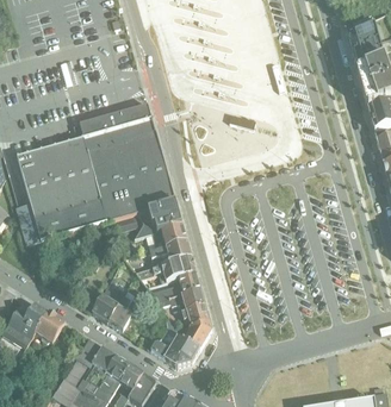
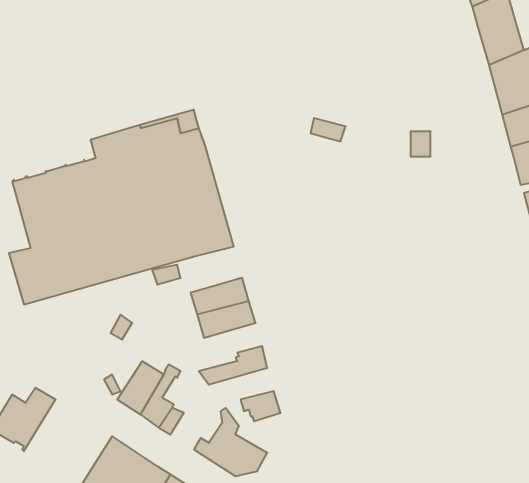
building: [135,201,182,237] -> none
building: [137,256,197,282] -> none
building: [159,288,205,311] -> none
building: [36,311,66,343] -> none
building: [178,320,212,349] -> none

